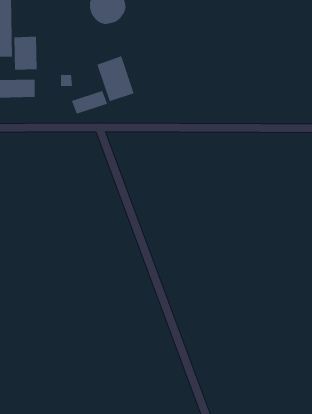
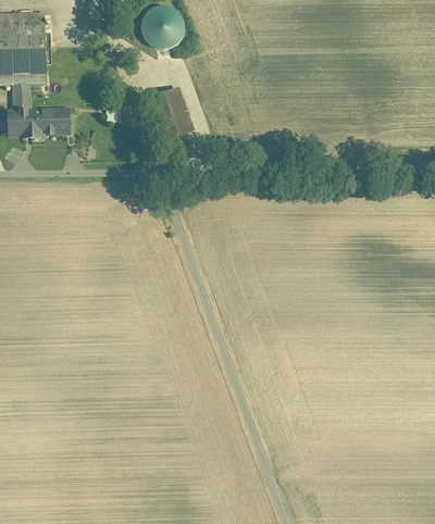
building: [14,36,37,71] -> none
building: [71,90,108,115] -> none

